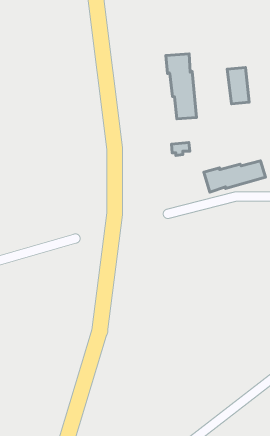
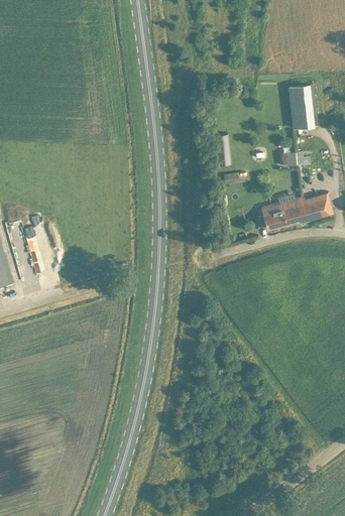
building: [166,54,196,119] -> none

